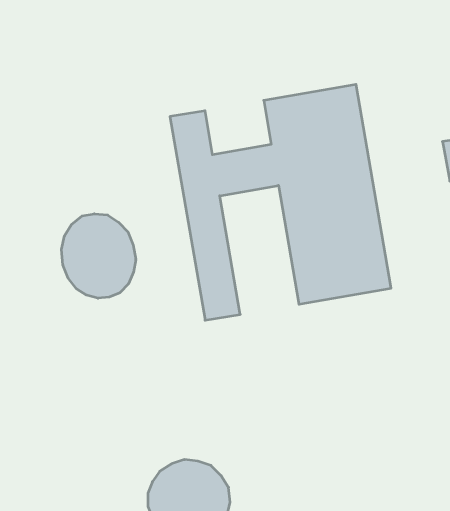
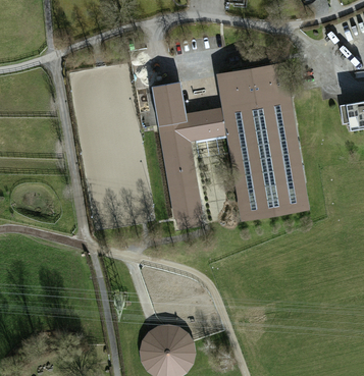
building: [61,214,136,298] -> none

